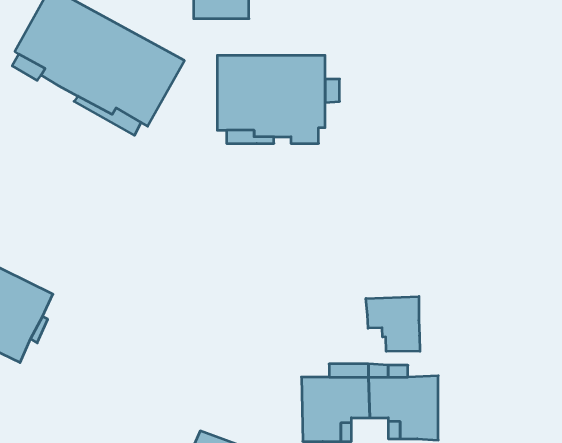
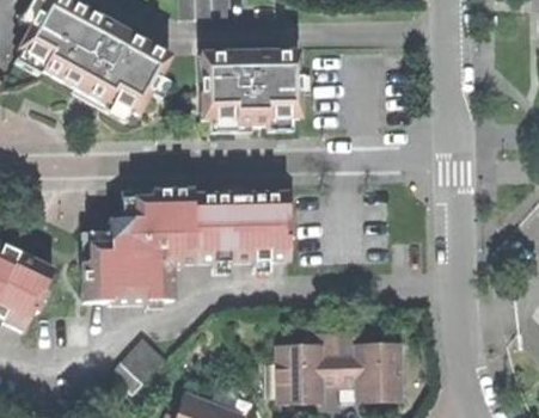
building: none -> [79,195,284,302]
building: [366,296,420,351] -> none
building: none -> [110,336,166,393]

